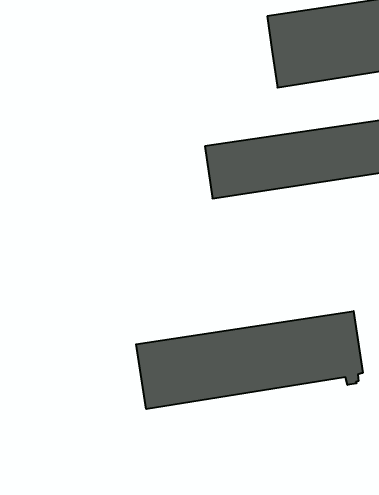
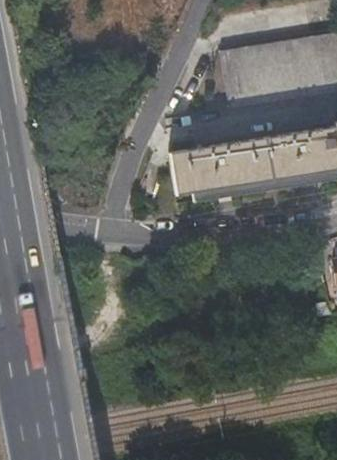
building: [136,311,363,409] -> none

